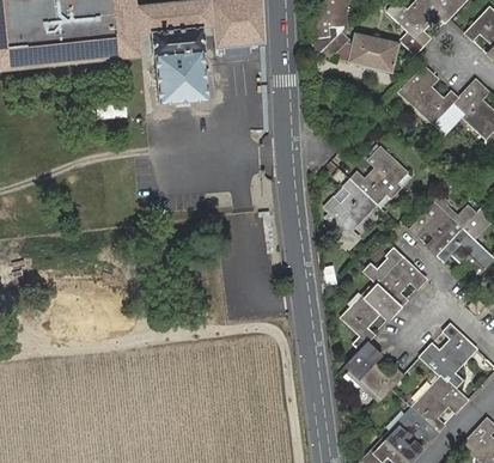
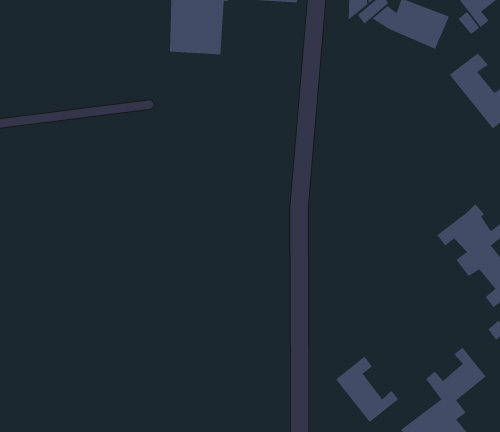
building: [324,146,409,245] -> none
building: [342,249,426,343] -> none

